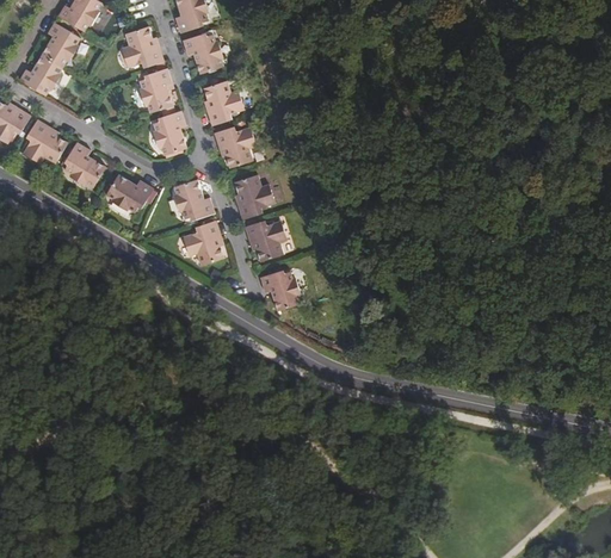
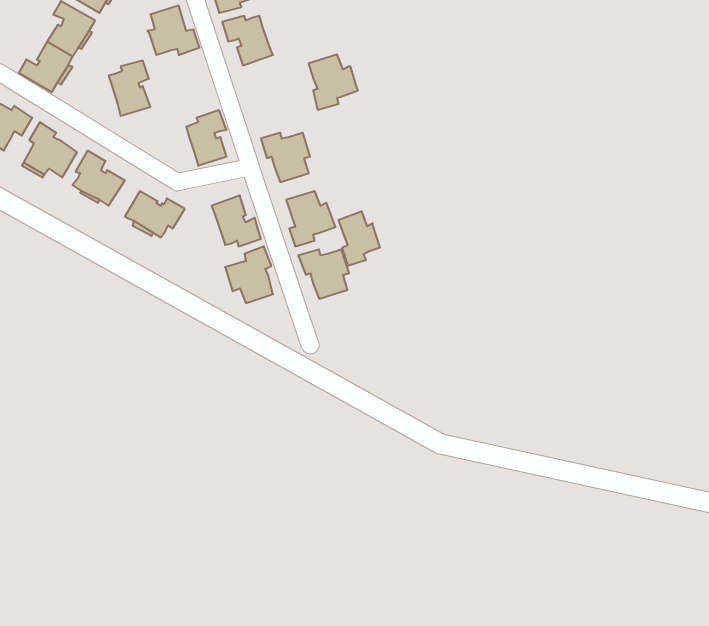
building: [140,68,173,112] -> [109,61,150,116]
building: [203,81,242,125] -> [309,54,358,110]
building: none -> [339,211,380,266]
building: [260,271,301,310] -> none

